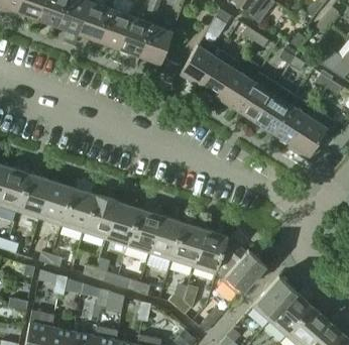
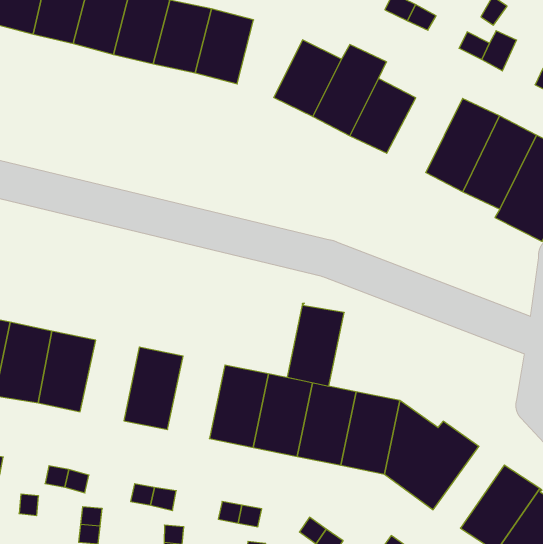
building: [235,72,277,120] -> none
building: [62,189,96,232] -> none
building: [106,202,139,246] -> [287,303,344,386]

